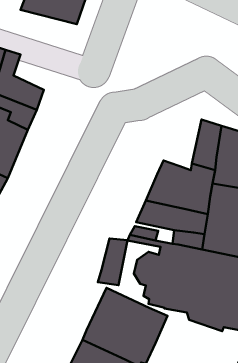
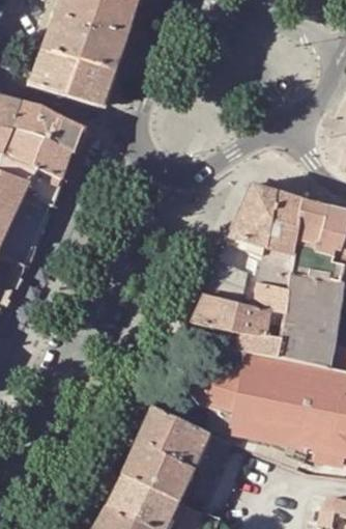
building: none -> [28,47,113,104]
building: none -> [31,105,84,151]
building: none -> [227,183,273,254]
building: [98,239,128,285] -> none

